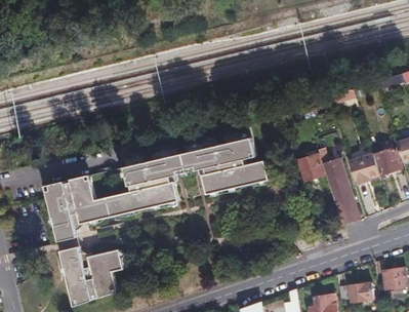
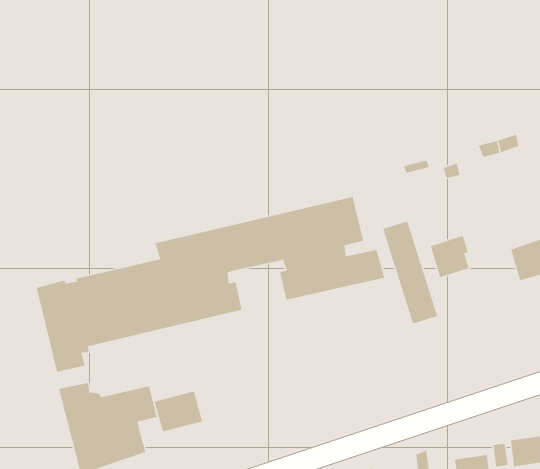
building: [324,158,360,225] -> [382,220,438,325]
building: none -> [154,391,203,432]

